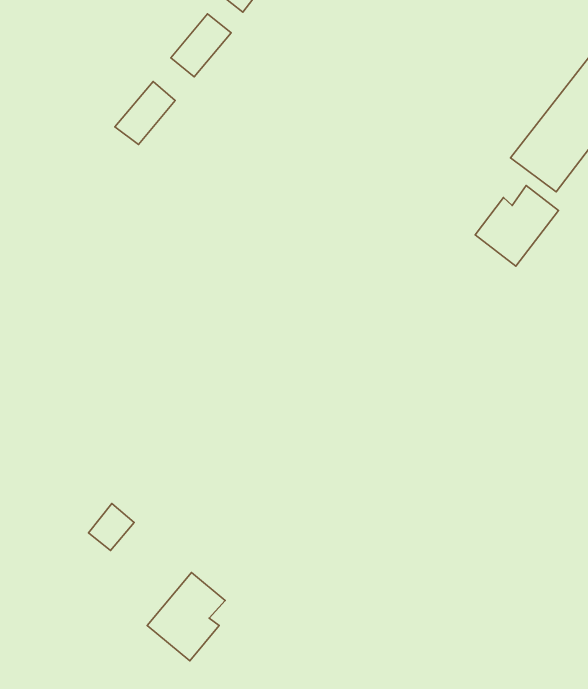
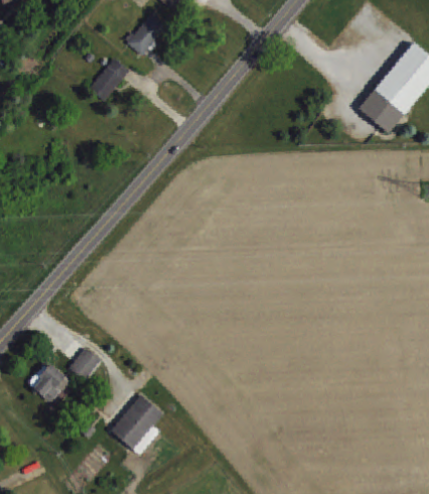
building: [475,185,559,266] -> none
building: none -> [29,362,69,402]

